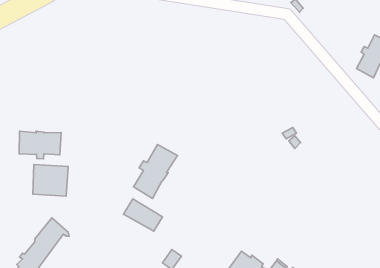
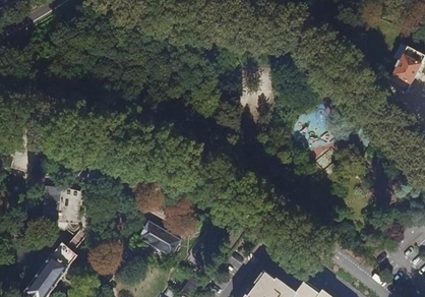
building: [19,131,61,159] -> none
building: [133,144,178,199] -> none

